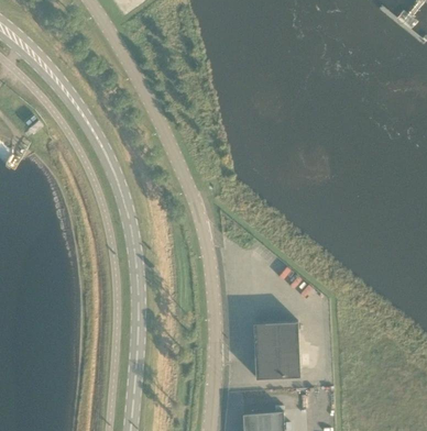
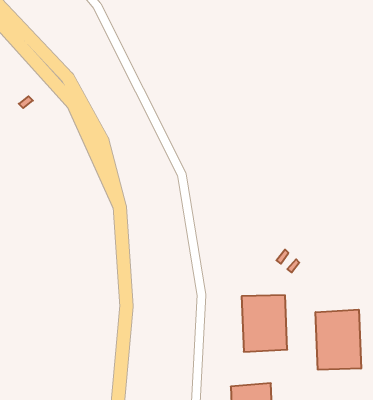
building: none -> [316,310,361,370]

